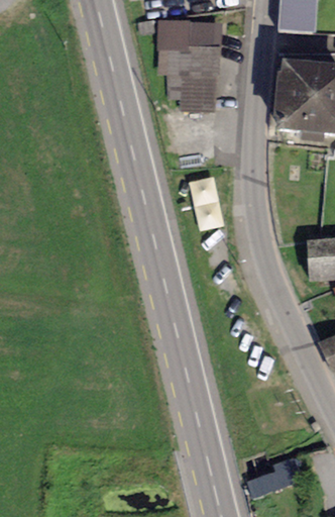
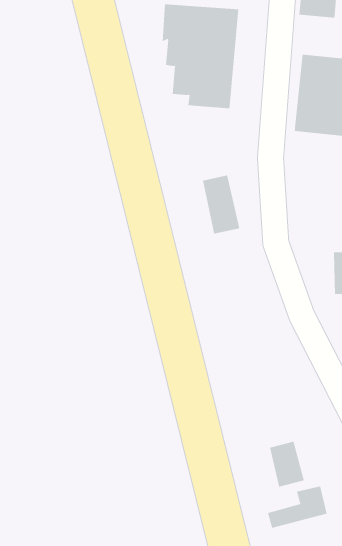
building: none -> [269,441,304,488]

